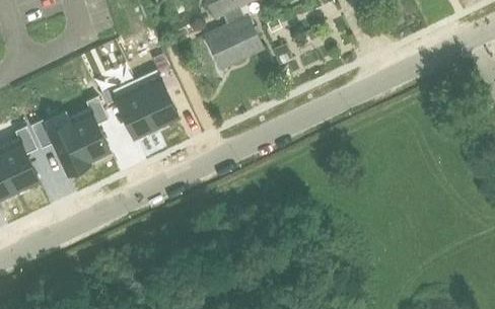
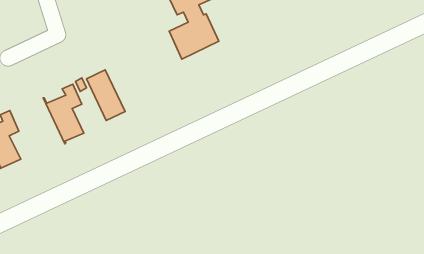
building: [135,70,180,127] -> none
building: [31,111,89,173] -> none

